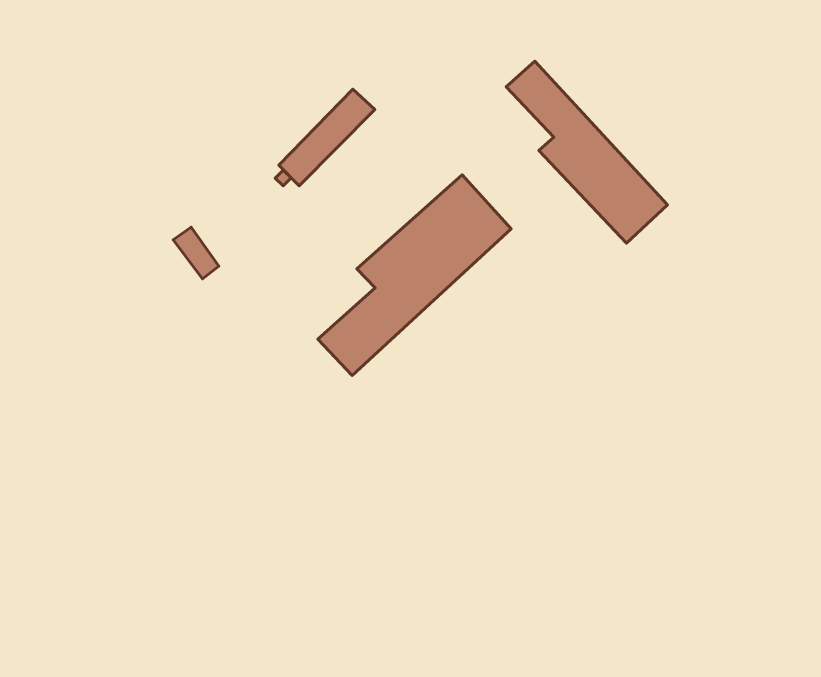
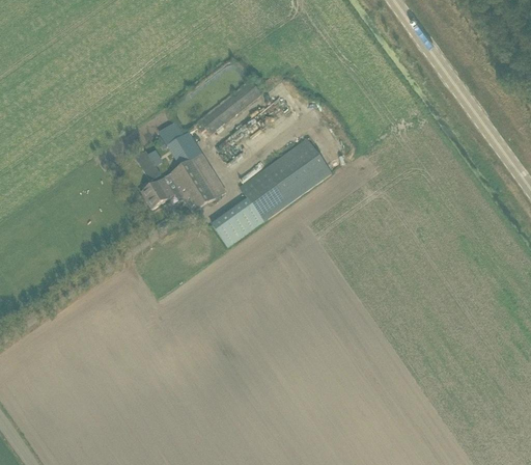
building: [506,61,667,243] -> none
building: none -> [142,121,224,211]

